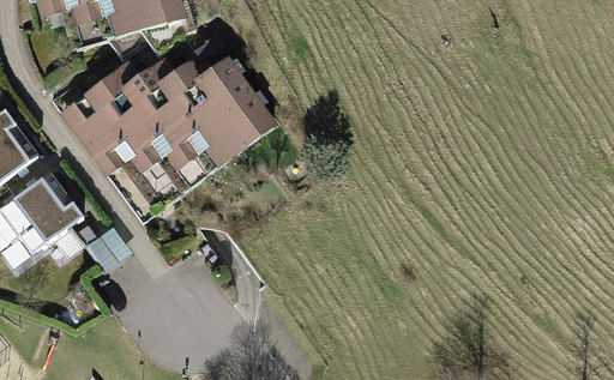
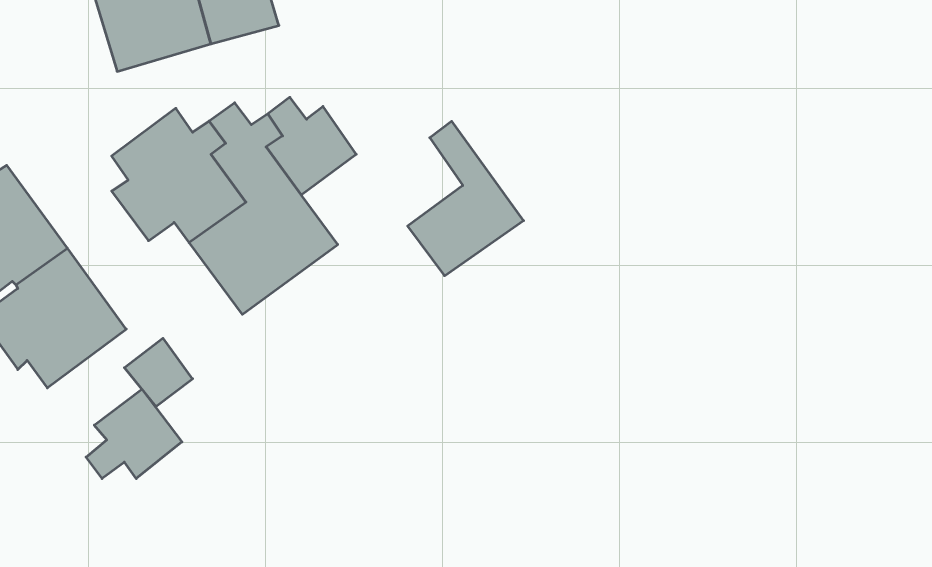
building: [198,60,273,161] -> [408,121,524,276]
building: none -> [86,389,182,479]

